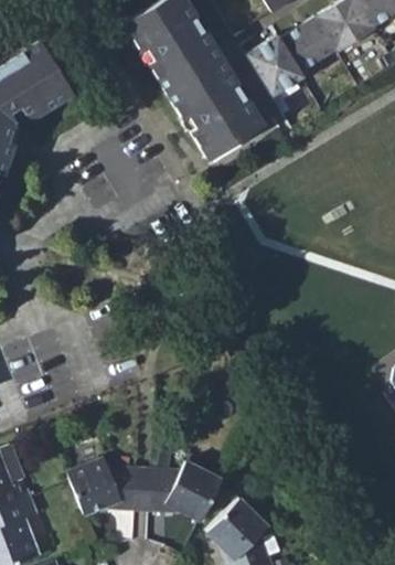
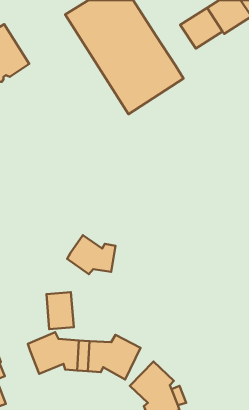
building: [246,35,303,95] -> none
building: none -> [67,235,116,274]
building: none -> [46,292,74,329]

